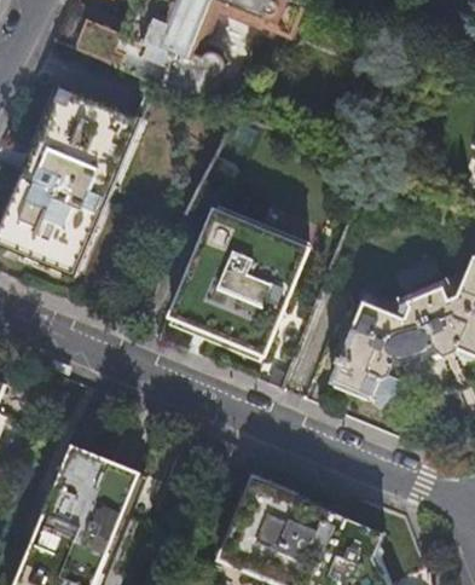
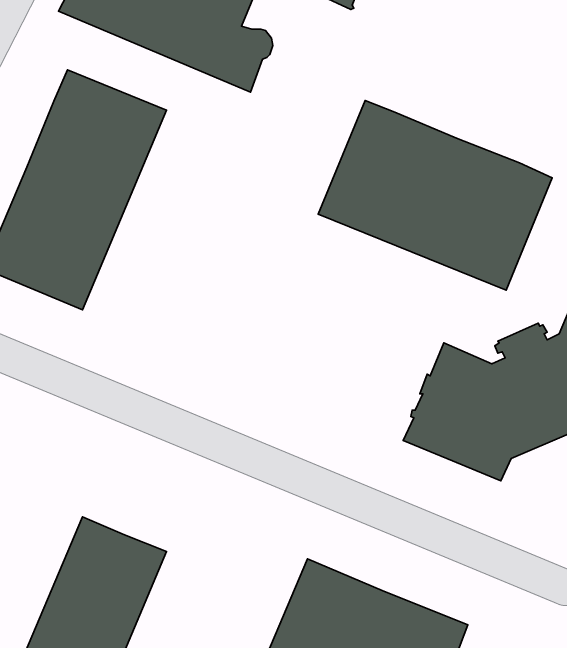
building: none -> [318,100,552,290]
building: [172,210,308,355] -> none

